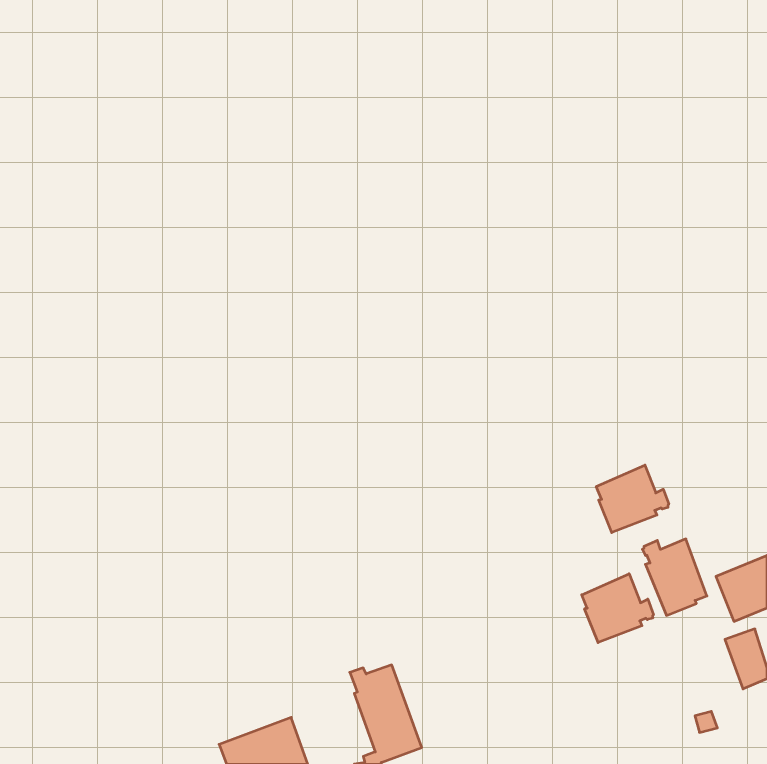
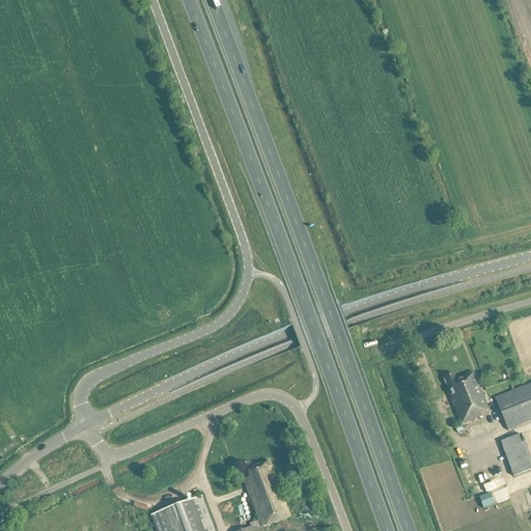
building: [596,465,669,533] -> none
building: [582,574,653,643] -> none

